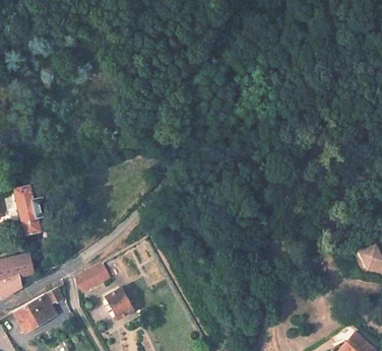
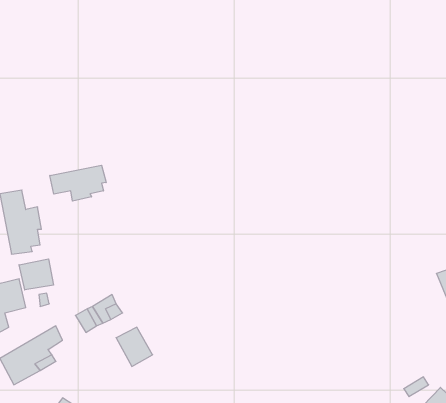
building: none -> [50,165,106,201]
building: none -> [19,259,53,290]

